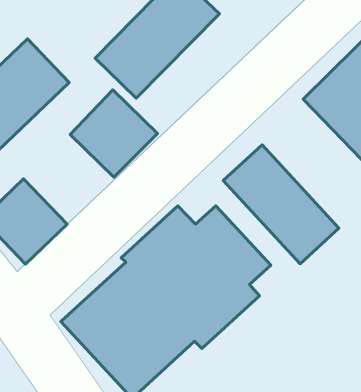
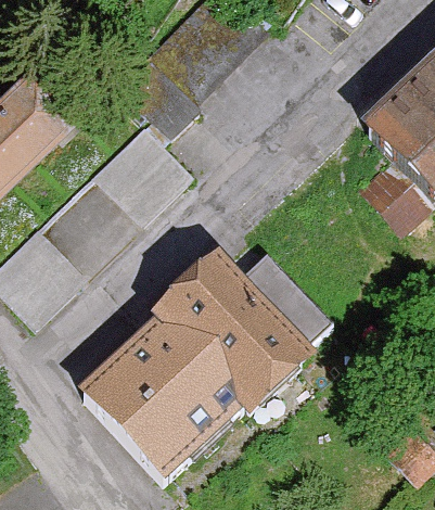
building: [223,145,339,264] -> none

